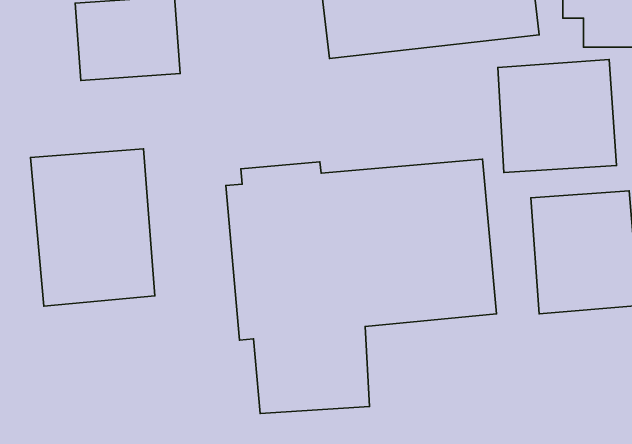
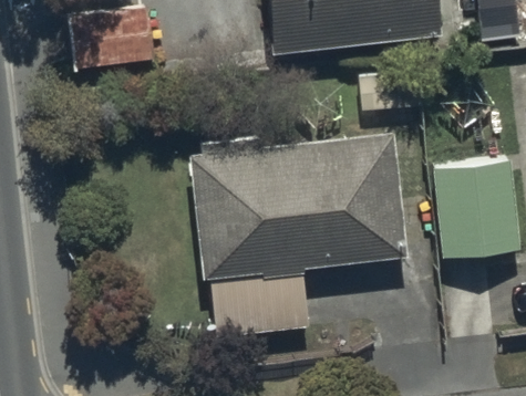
building: [498,60,617,173] -> none
building: [31,149,155,306] -> none

